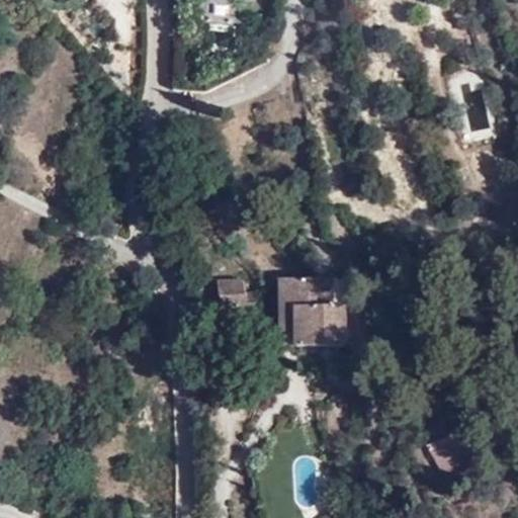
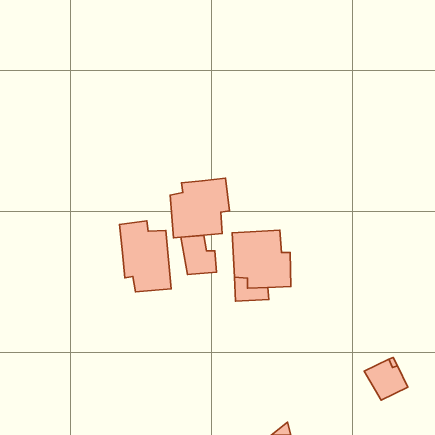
building: none -> [170,178,230,238]
building: none -> [120,221,171,292]

